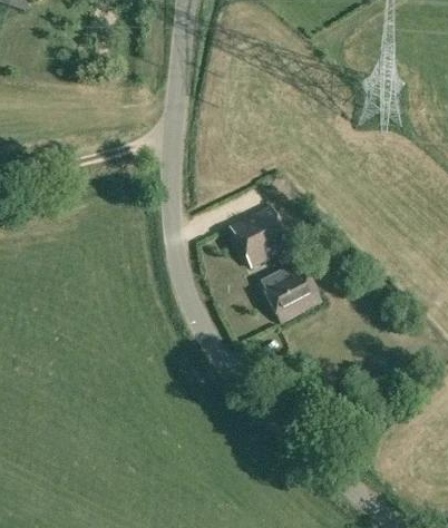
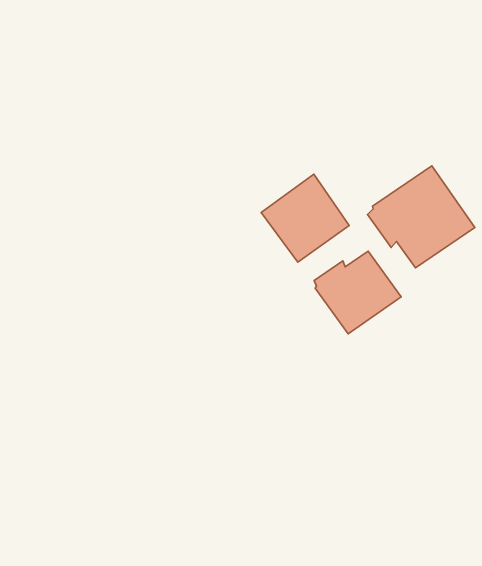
building: none -> [368,166,475,268]

